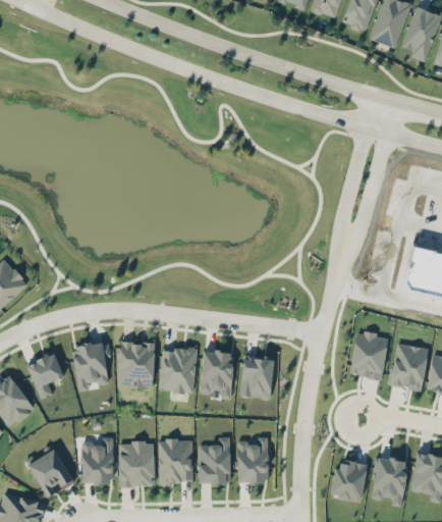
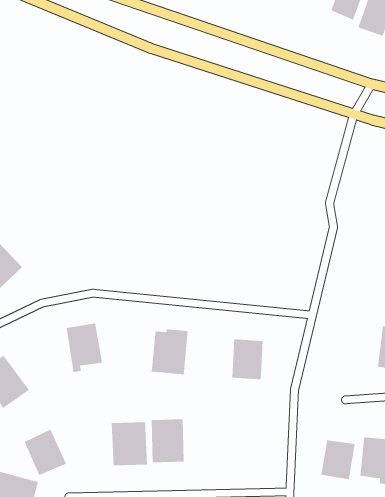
building: [350,331,388,379] -> none
building: [118,342,155,387] -> none
building: [200,350,235,398] -> none
building: [26,353,64,399] -> none
building: [81,436,114,484] -> none
building: [199,436,231,483] -> none
building: [237,438,269,482] -> none

